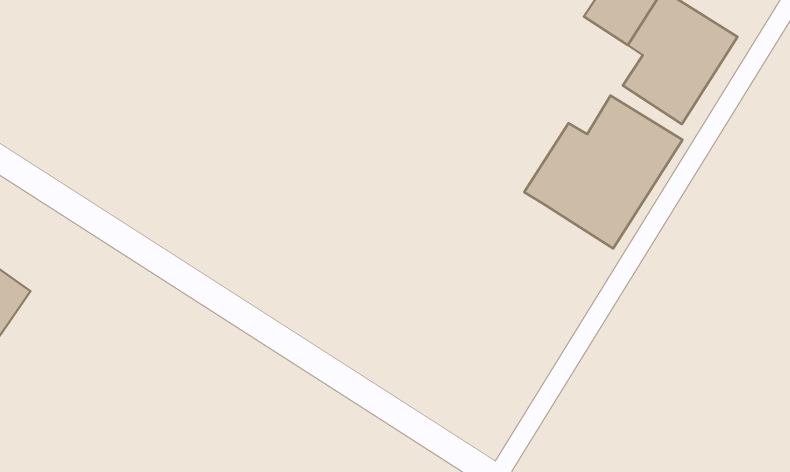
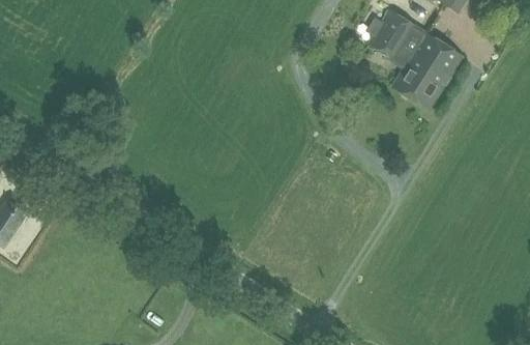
building: [524,96,683,249] -> none

